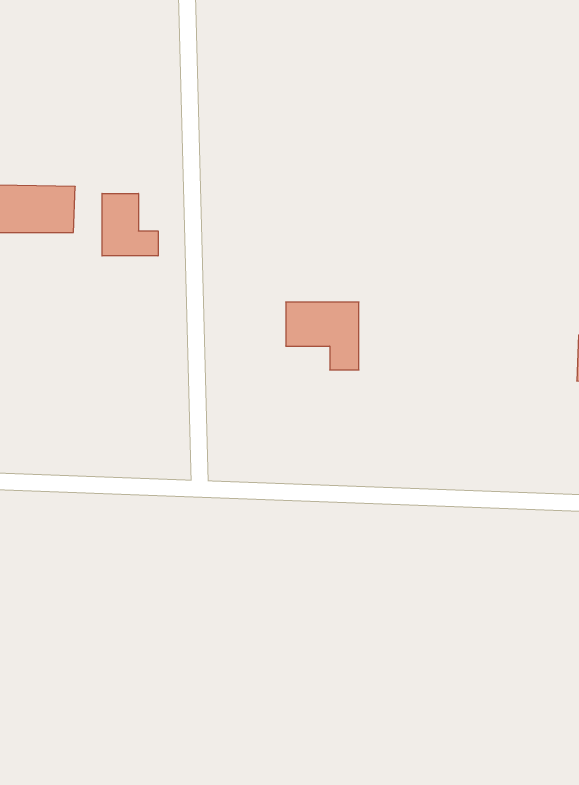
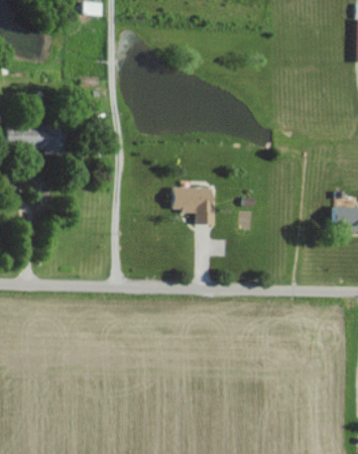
building: [102,193,158,256] -> none

